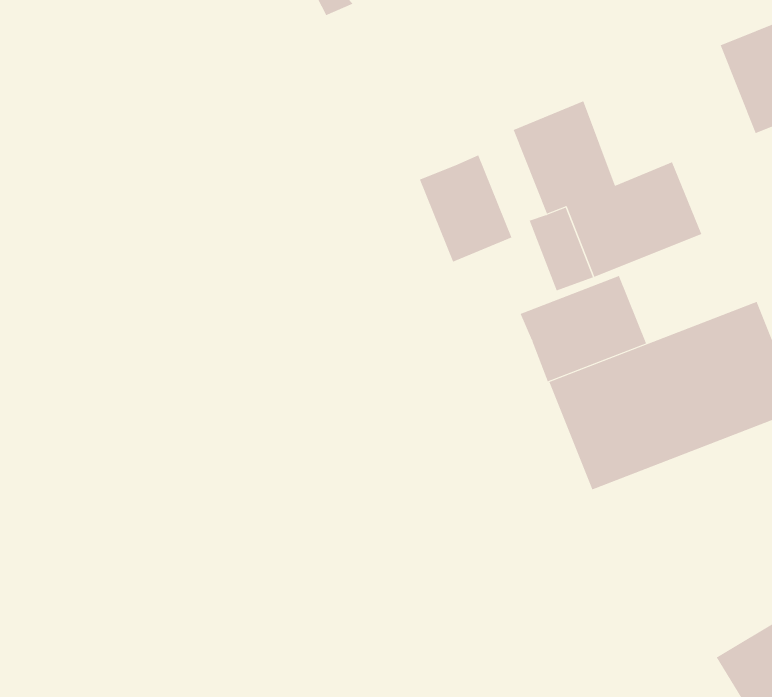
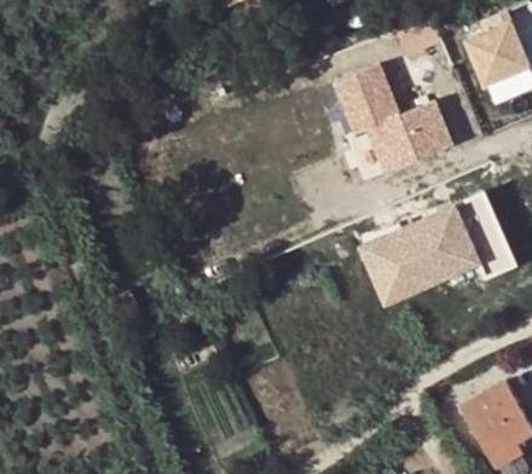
building: [419,154,512,263] -> none
building: [520,275,647,382] -> none

